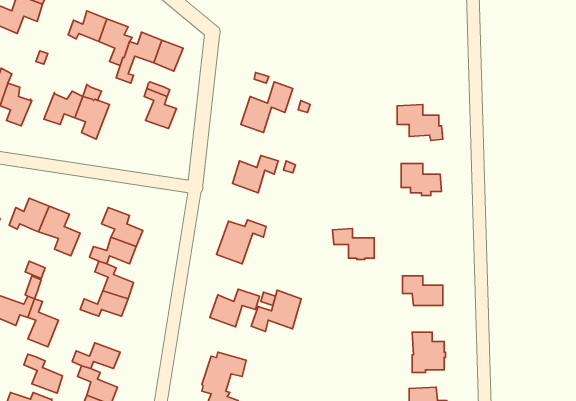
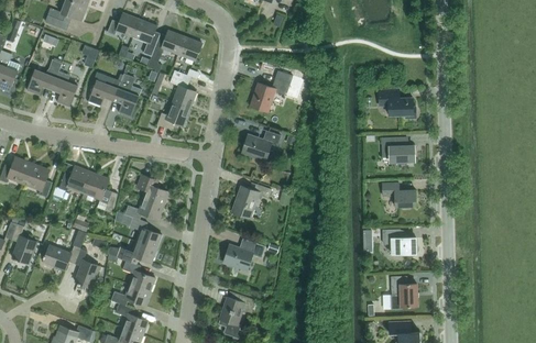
building: none -> [156,102,189,130]
building: [333,229,374,259] -> [381,182,415,208]
building: [251,290,301,331] -> none
building: [24,354,63,393] -> [122,261,154,292]

